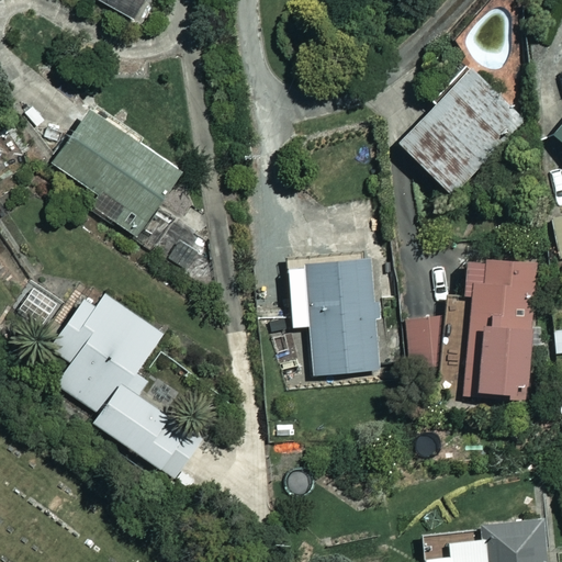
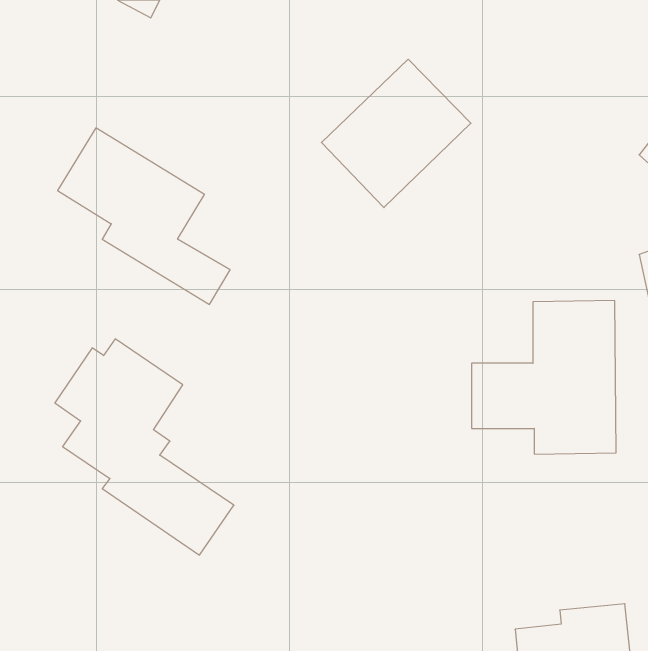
building: [397,69,526,196] -> [321,59,471,208]
building: [277,257,404,379] -> none

